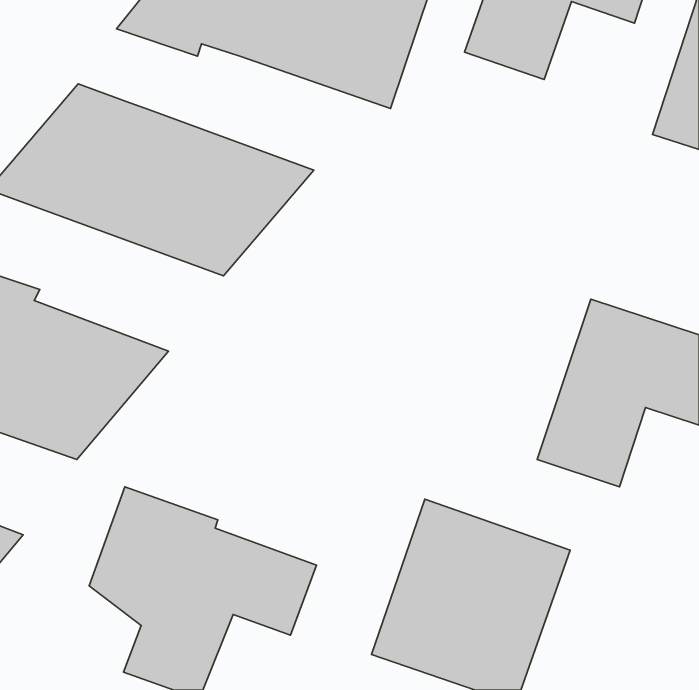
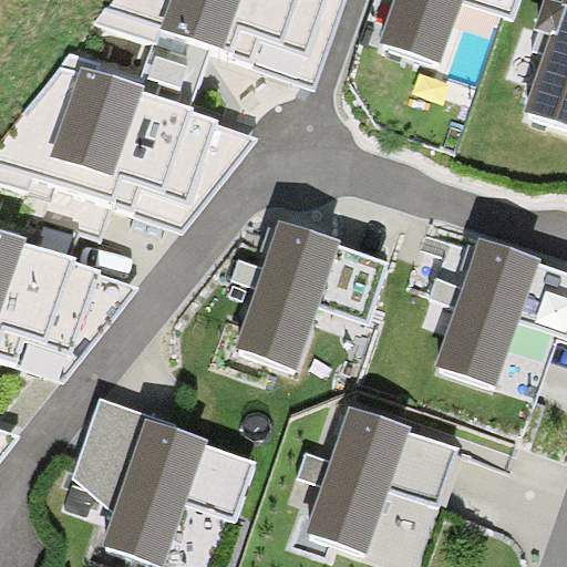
building: none -> [239,225,389,361]

